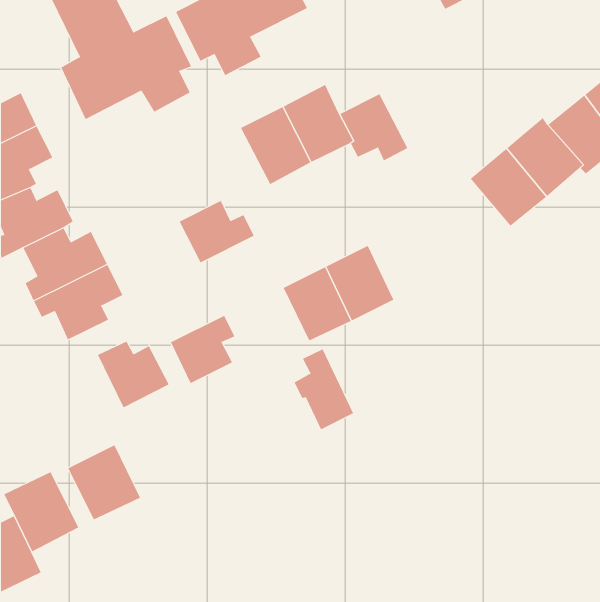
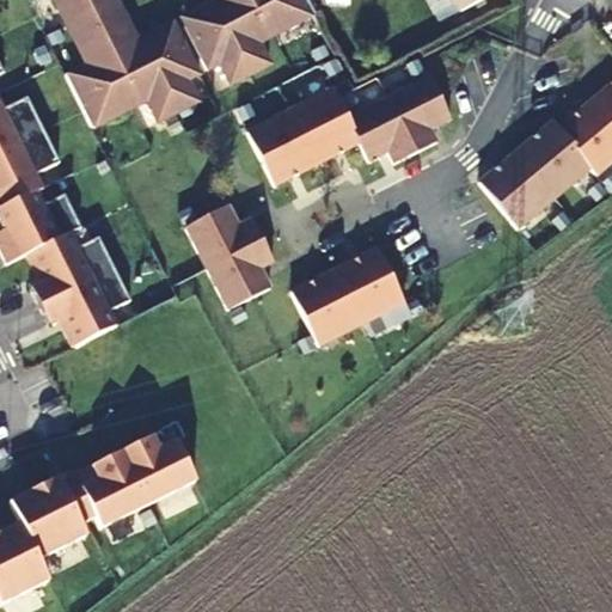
building: none -> [388,73,451,149]
building: [170,315,235,384] -> [207,238,273,307]
building: [97,341,169,408] -> [121,434,194,502]
building: [294,348,354,430] -> none

